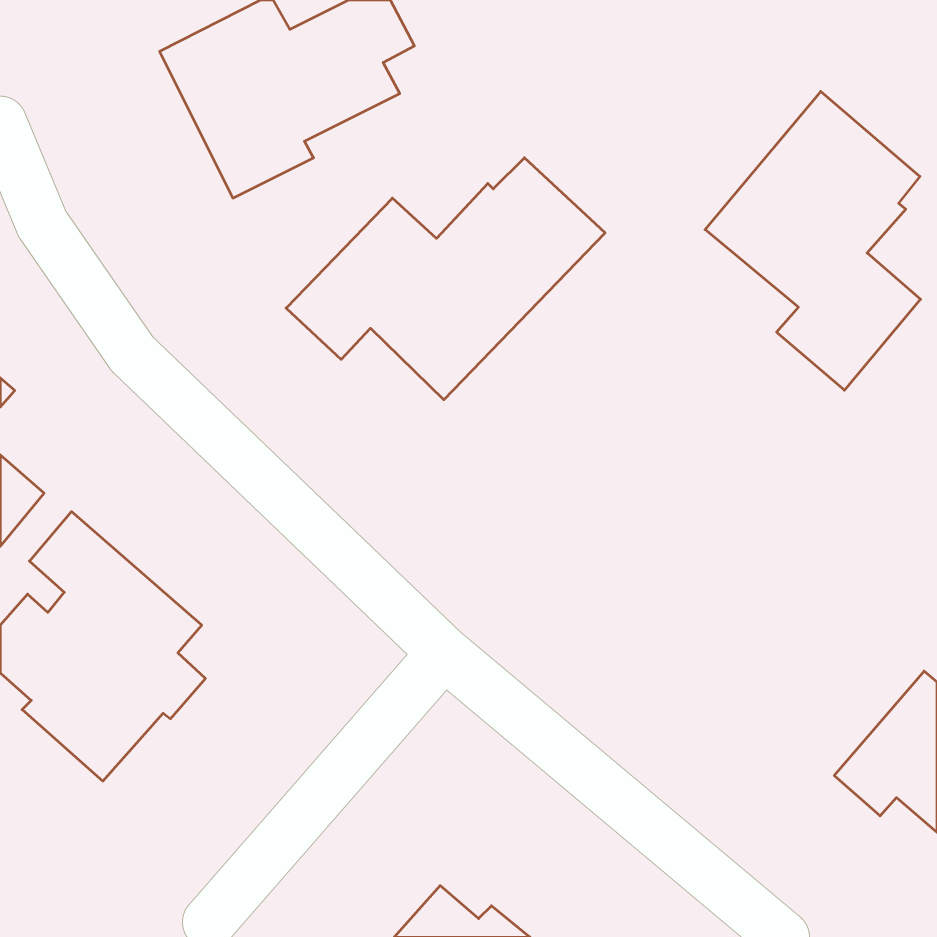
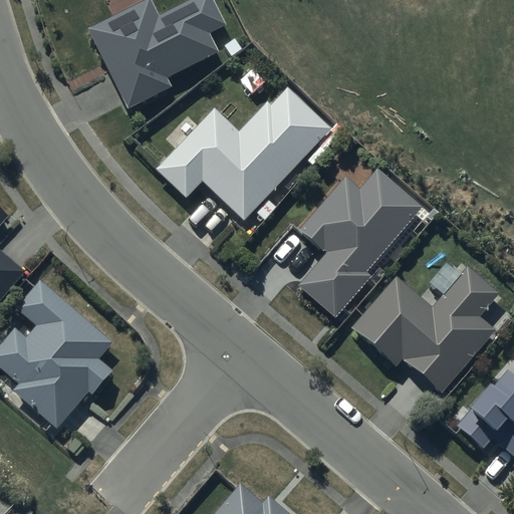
building: [705,91,921,390] -> none
building: none -> [297,169,422,318]
building: none -> [351,269,496,393]

